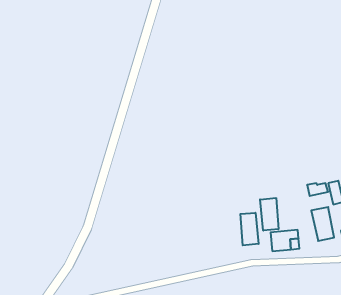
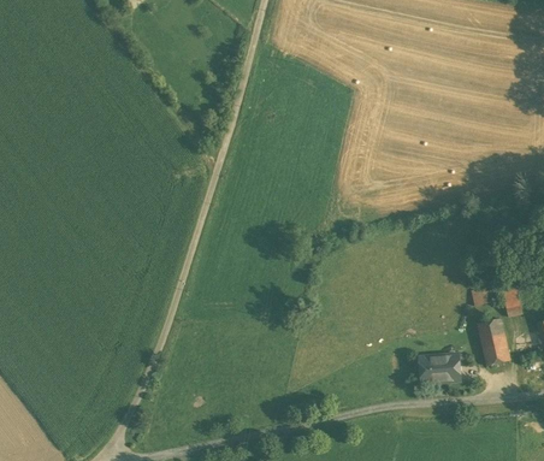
building: [260,198,278,231] -> none
building: [240,213,259,245] -> none

